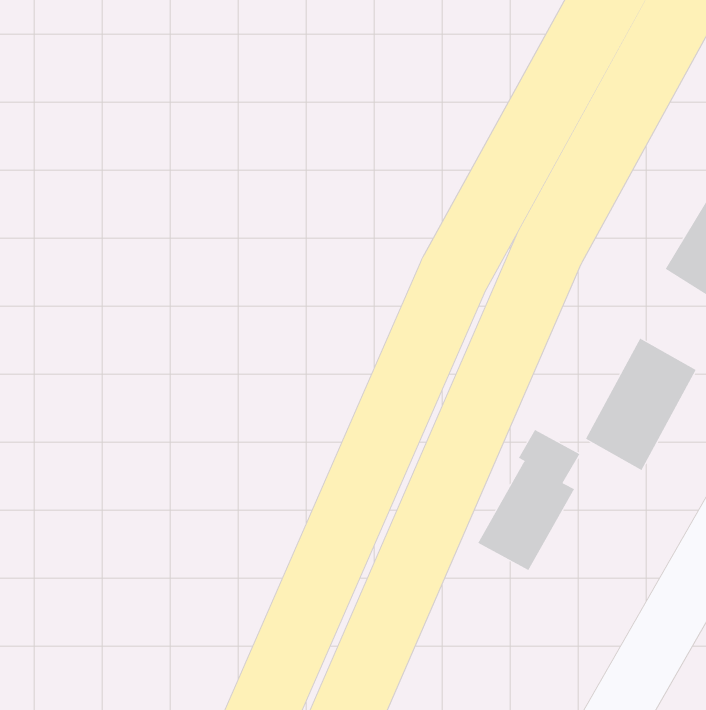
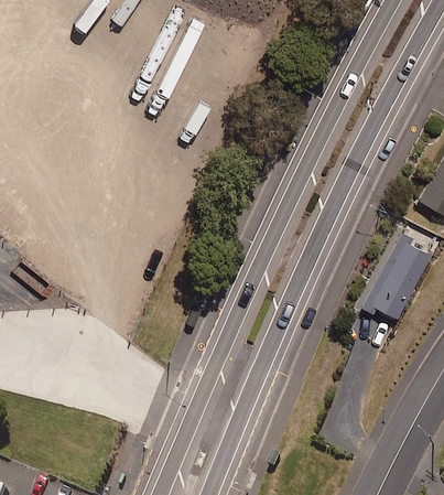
building: [478,429,580,571] -> none

